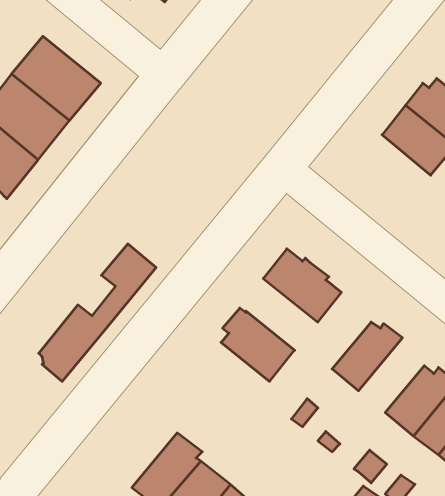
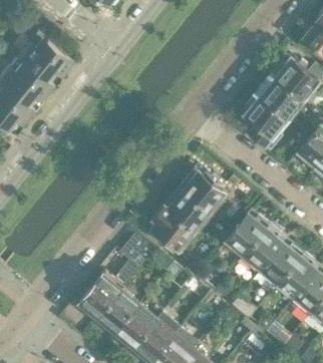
building: none -> [244,93,286,140]
building: [39,244,156,381] -> [79,232,154,320]
building: none -> [168,186,214,232]
building: none -> [240,224,282,272]

